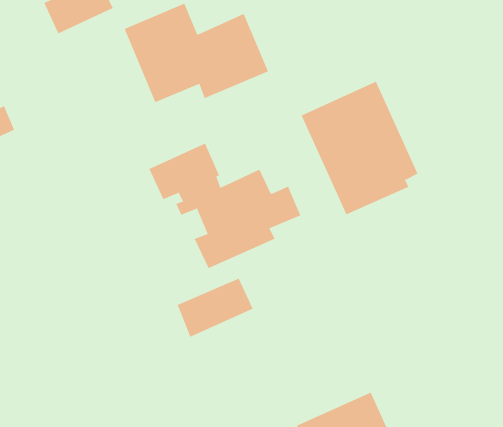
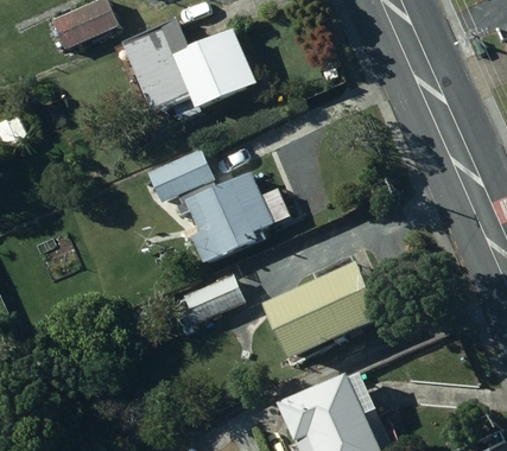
building: [301,81,418,215] -> none
building: none -> [268,263,387,361]

